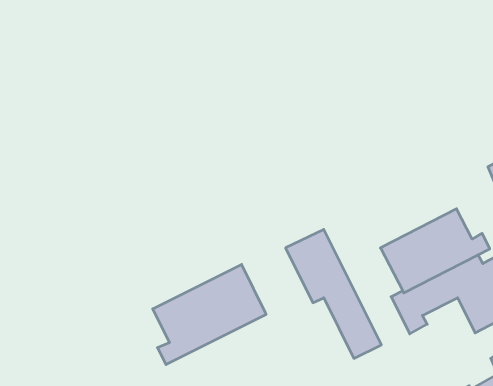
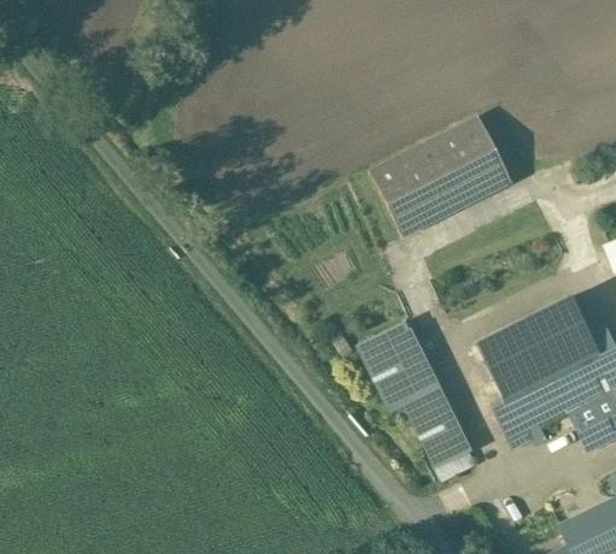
building: none -> [370,117,511,236]
building: [153,264,266,365] -> none

